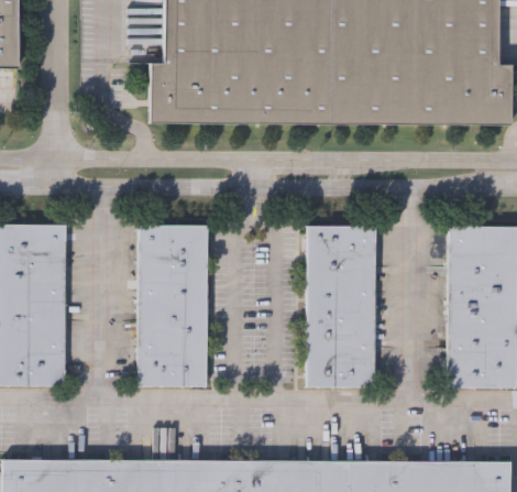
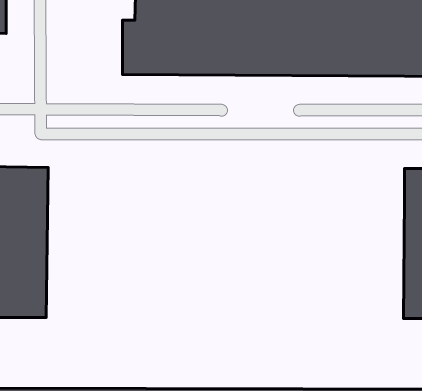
building: [139,223,207,385] -> none
building: [307,225,375,386] -> none

